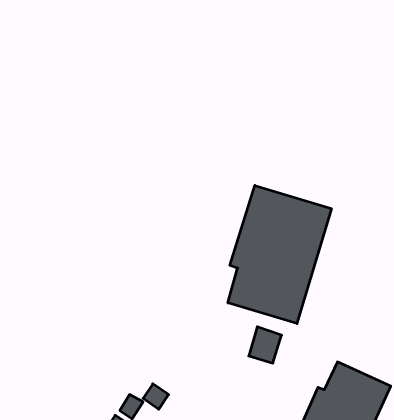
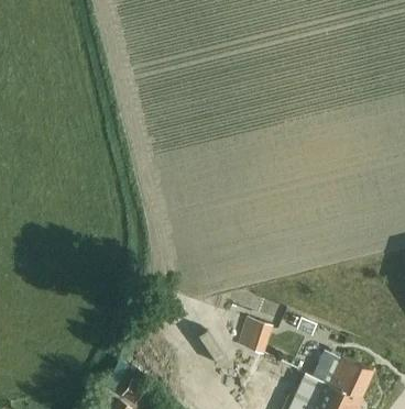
building: [228,185,331,324] -> none

